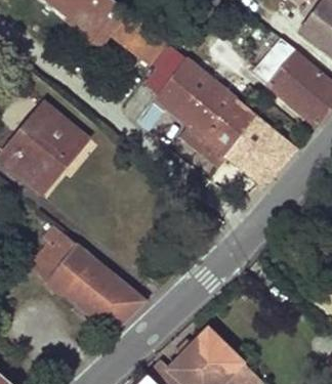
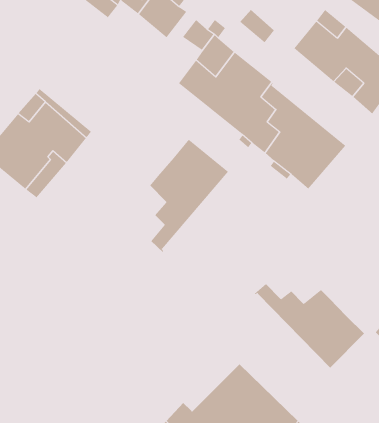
building: none -> [149,139,229,253]
building: [29,227,146,335] -> none
building: none -> [254,283,365,368]

